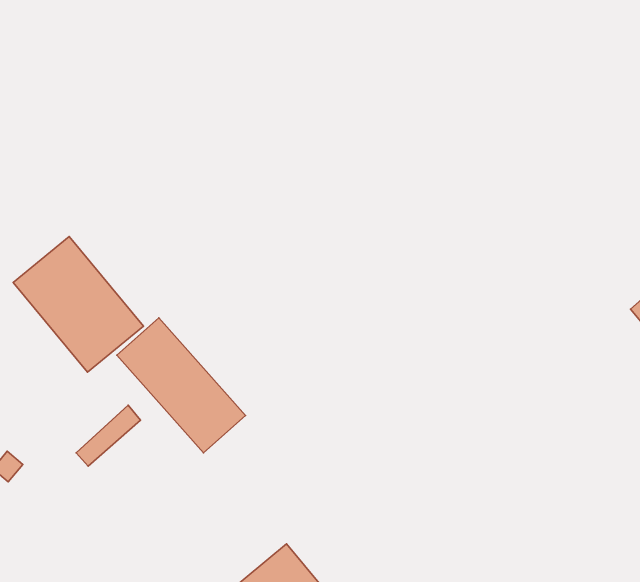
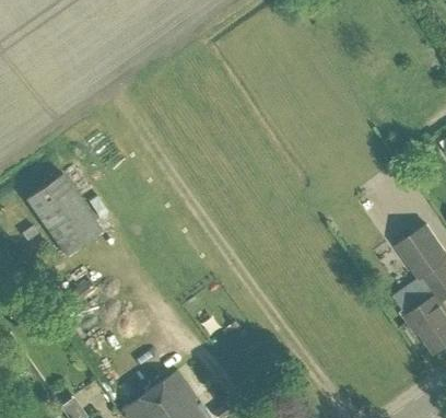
building: [117,318,246,453] -> none

